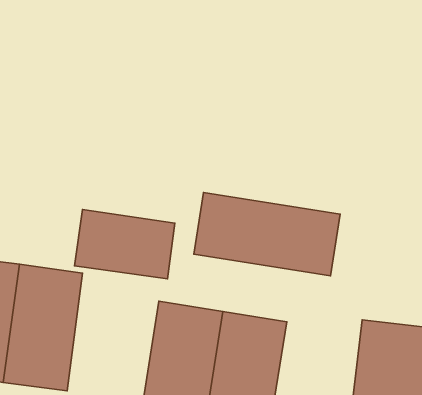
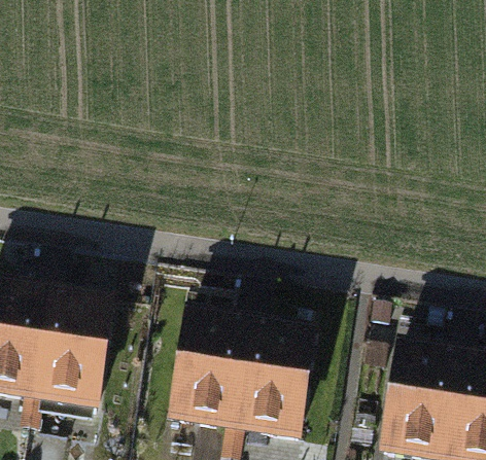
building: [194,193,340,276] -> none
building: [74,210,175,279] -> none

